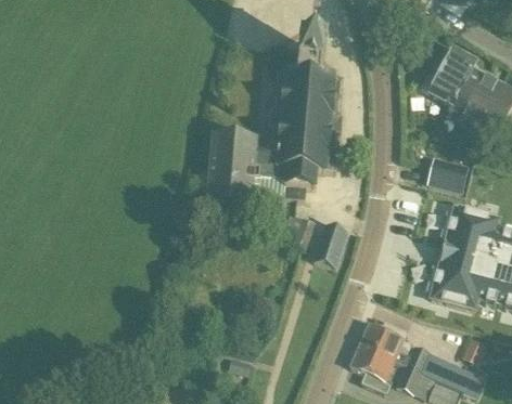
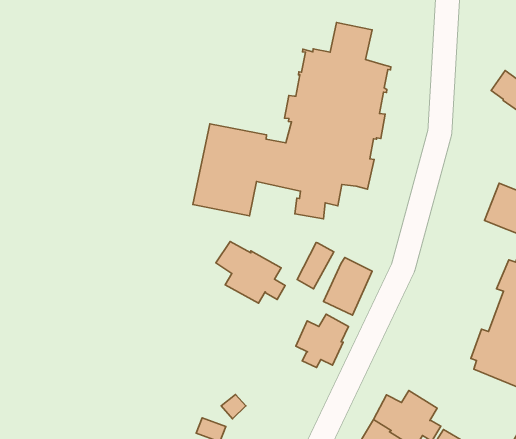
building: none -> [216,241,285,303]
building: none -> [296,314,349,368]

